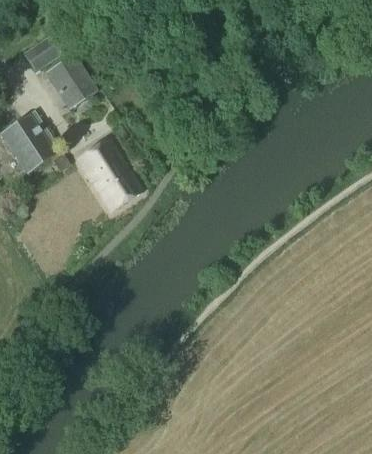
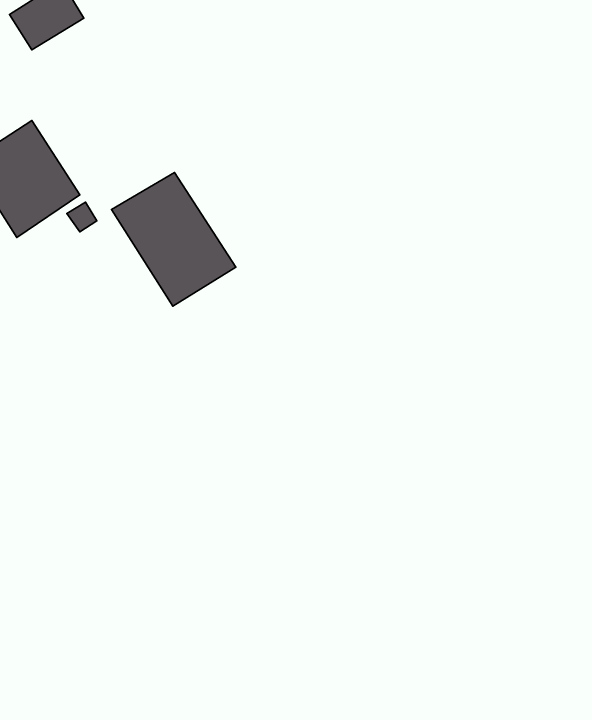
building: [45,54,96,108] -> none

